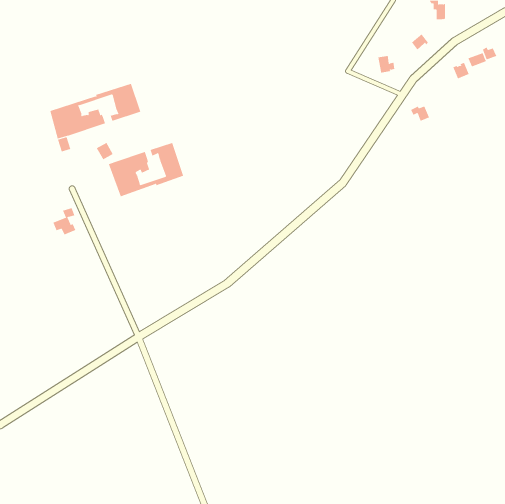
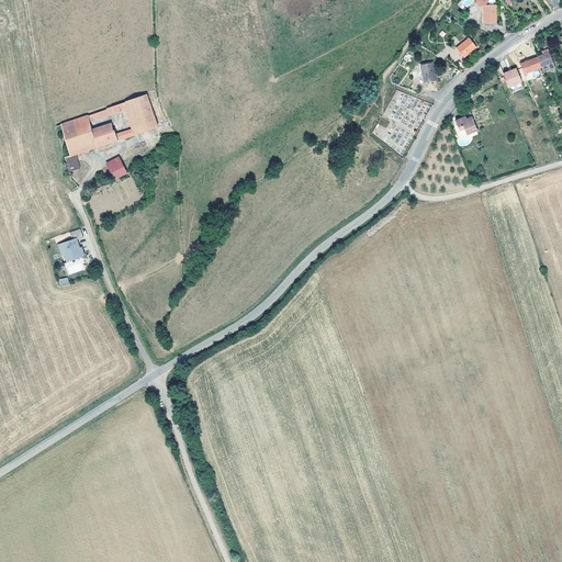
building: [108,142,184,197] -> none

